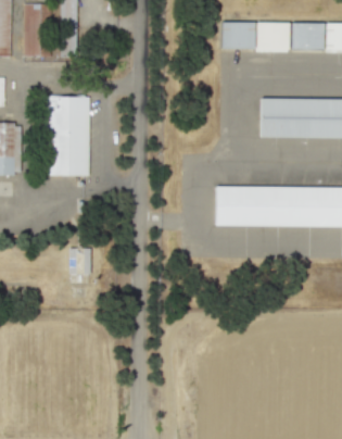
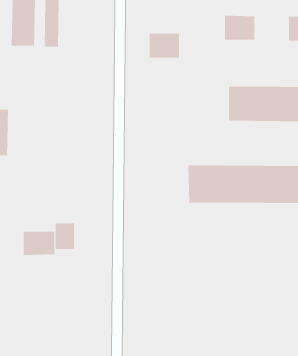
building: [220,22,254,49] -> [149,33,180,58]
building: [290,23,324,50] -> none
building: [47,96,92,178] -> none
building: none -> [23,231,55,256]

